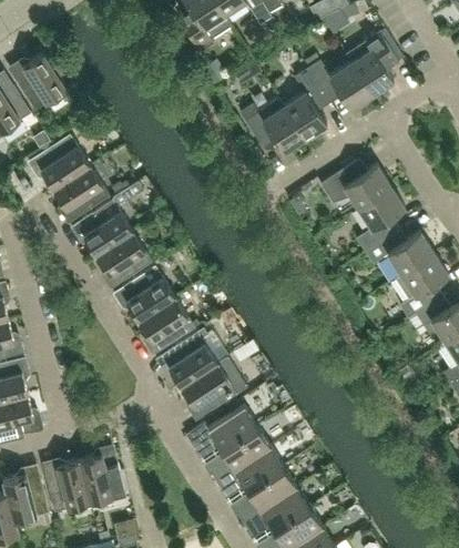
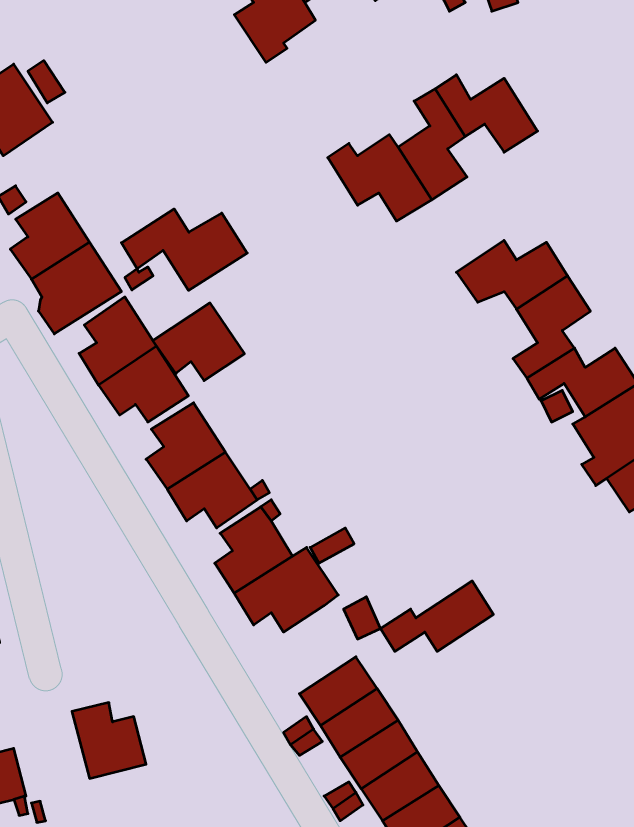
building: [346,32,394,95] -> none
building: none -> [121,209,247,290]
building: none -> [153,303,244,381]
building: [186,405,257,449] -> [381,581,493,651]
building: [47,460,90,513] -> none

